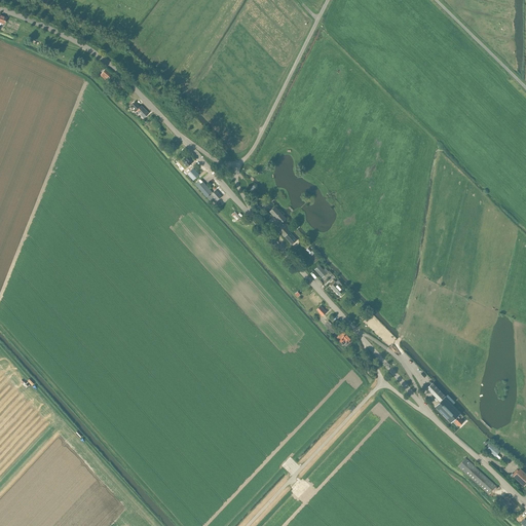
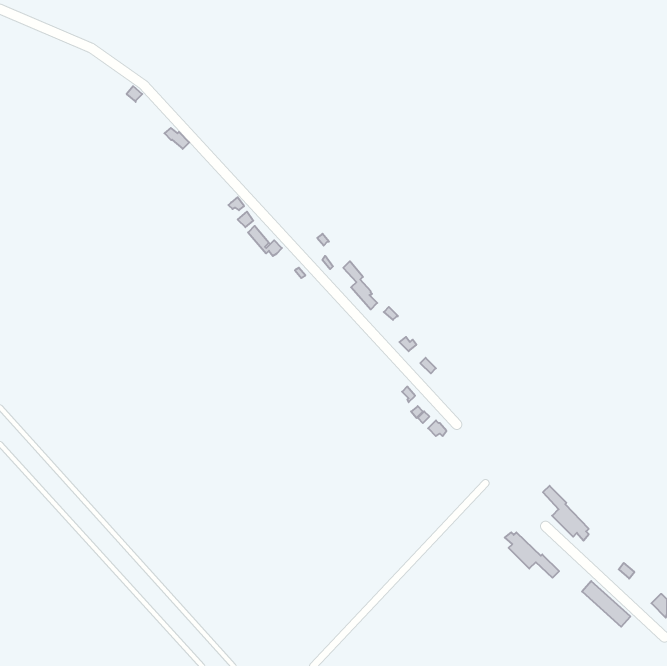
building: none -> [505,532,559,578]

